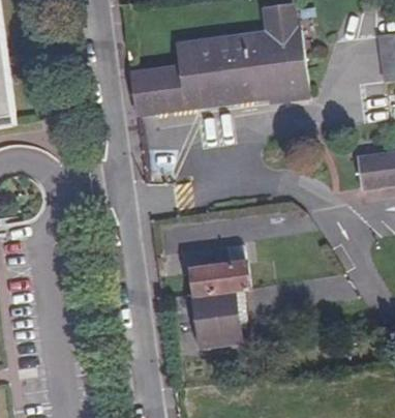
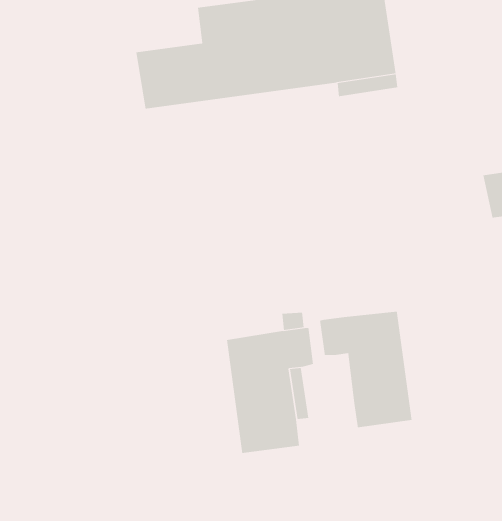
building: none -> [319,311,412,428]

